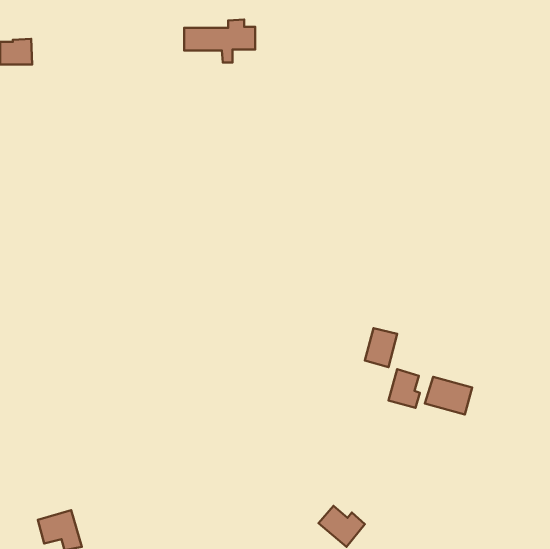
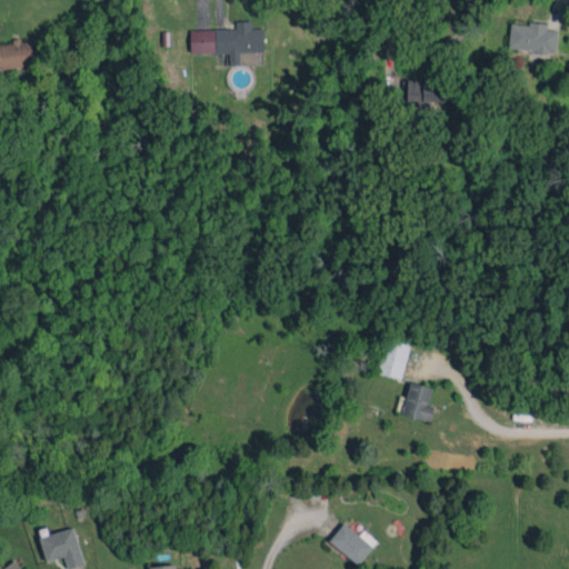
building: none -> [508,23,558,53]
building: none -> [407,80,451,108]
building: [425,377,472,415] -> none

